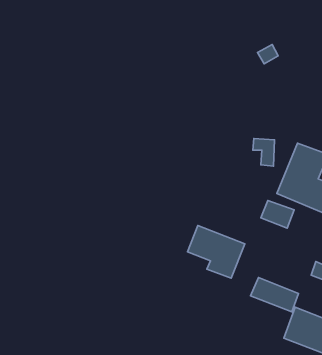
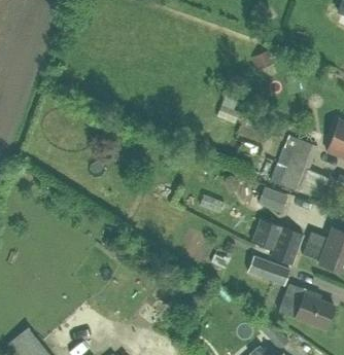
building: [187,225,245,278] -> [253,219,305,267]

